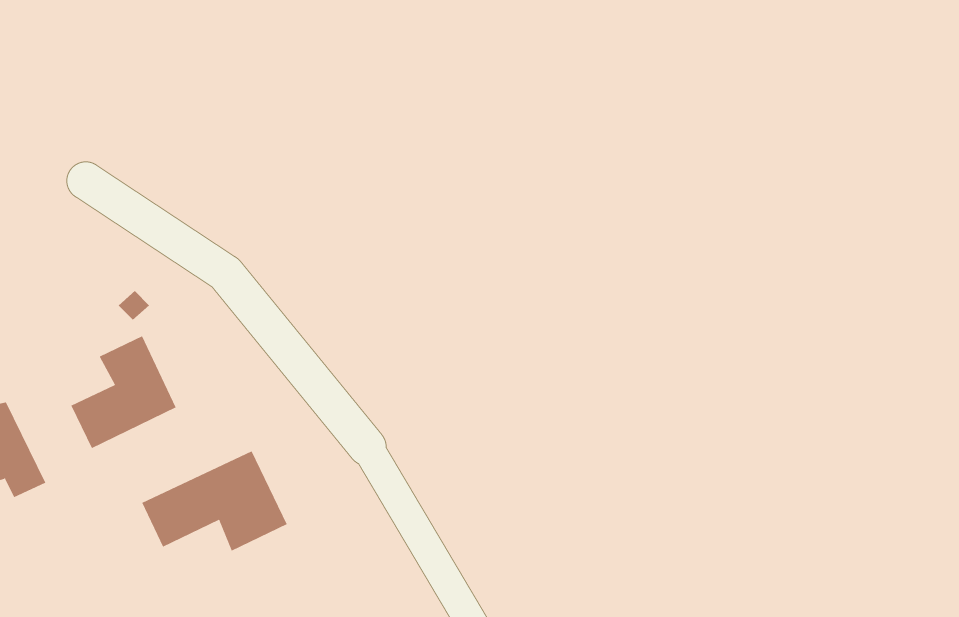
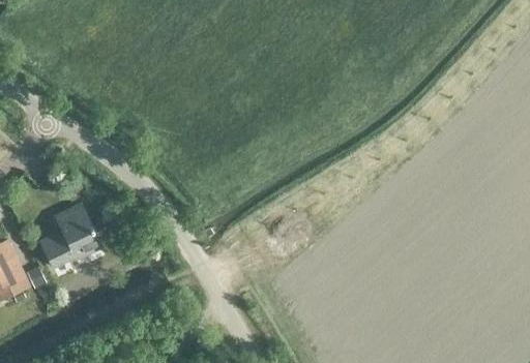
building: [141,451,288,551] -> none

